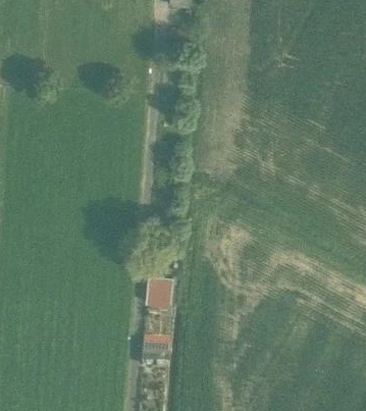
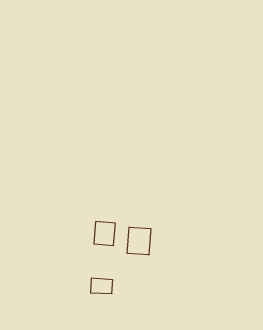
building: none -> [127,227,151,255]

